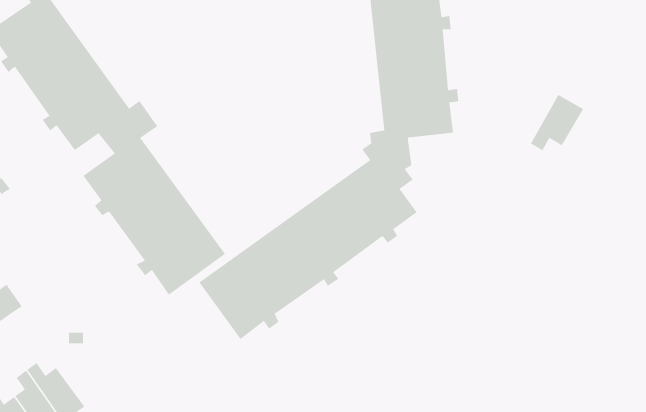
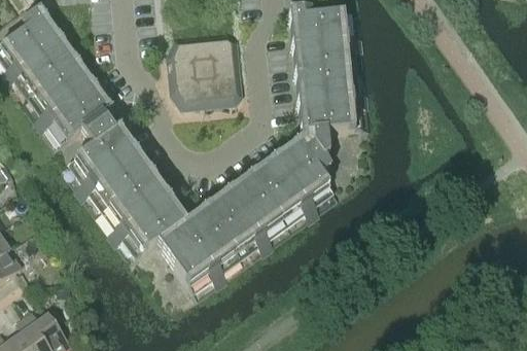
building: none -> [166,27,241,101]
building: [530,94,584,151] -> none

